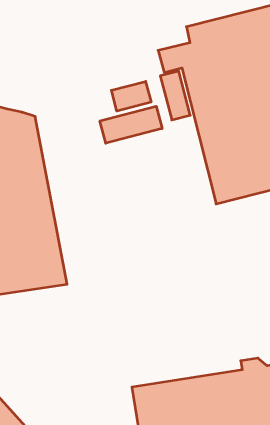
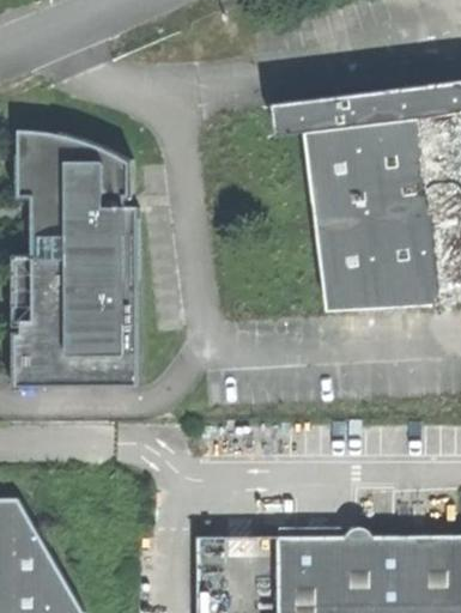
building: [111,81,151,111] -> none
building: [100,106,162,143] -> none

